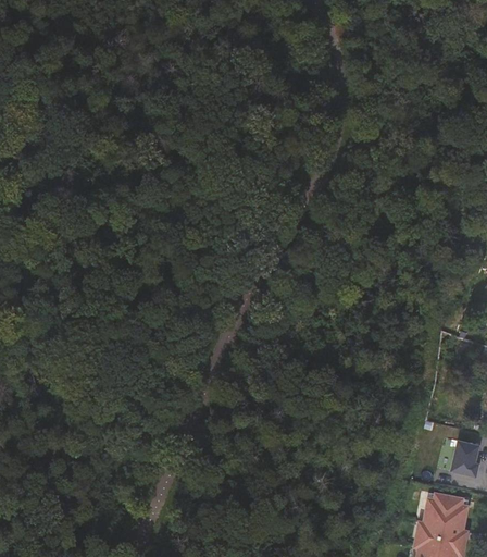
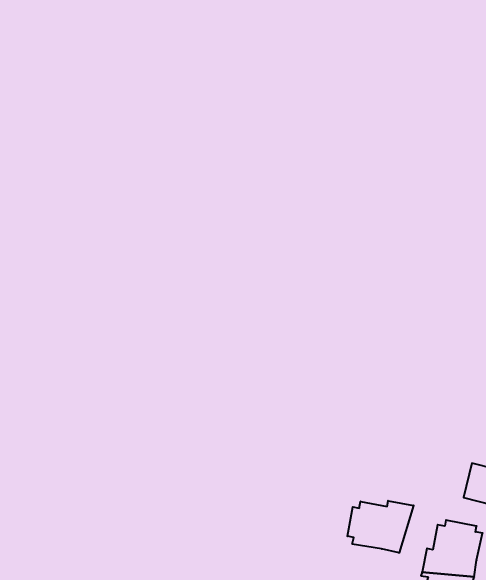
building: none -> [347,501,414,553]

